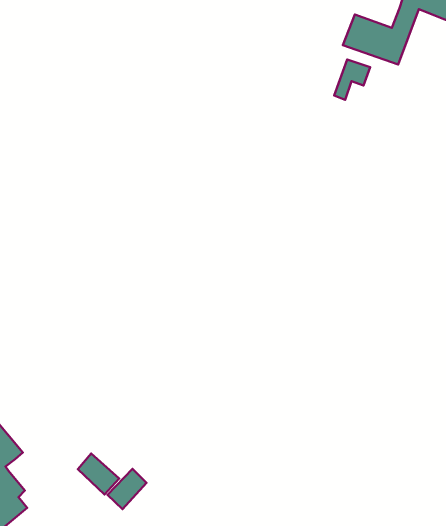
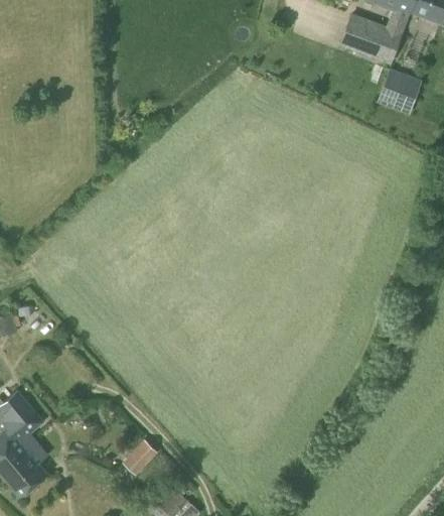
building: [334,60,370,100] -> [378,69,411,106]
building: [78,453,119,494] -> none

